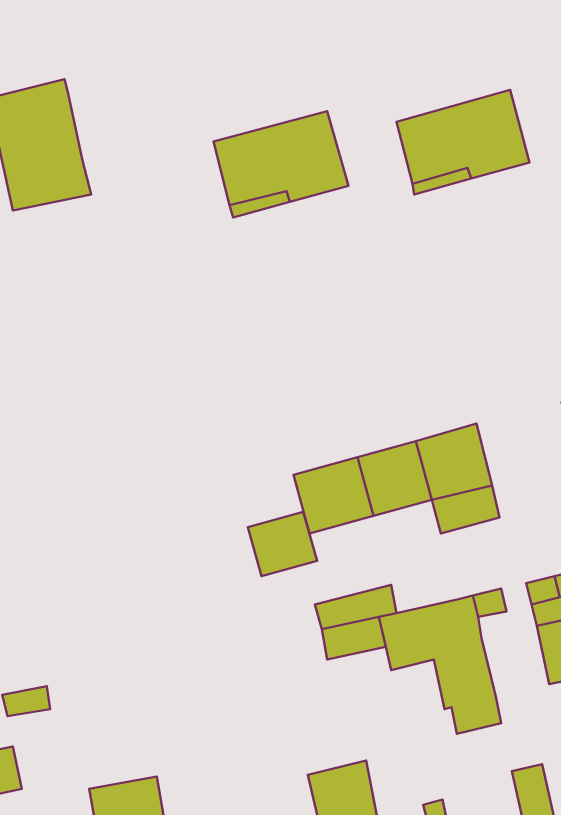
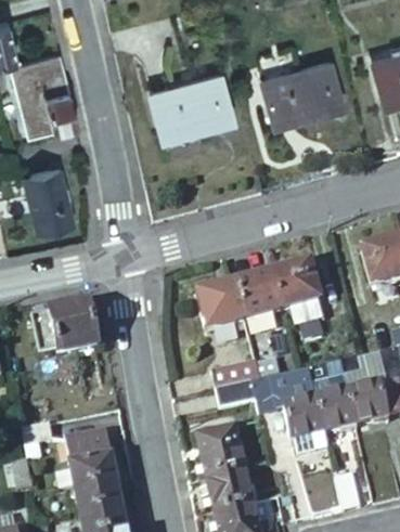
building: none -> [24,164,74,228]
building: none -> [33,303,98,353]
building: [248,512,317,576] -> none
building: none -> [313,385,356,431]
building: none -> [197,426,243,476]
building: none -> [65,432,115,484]

